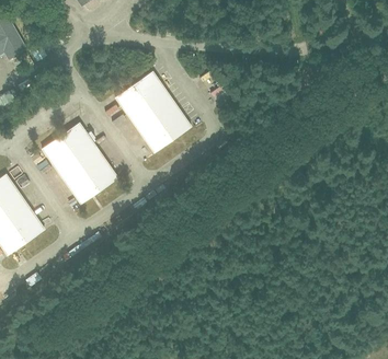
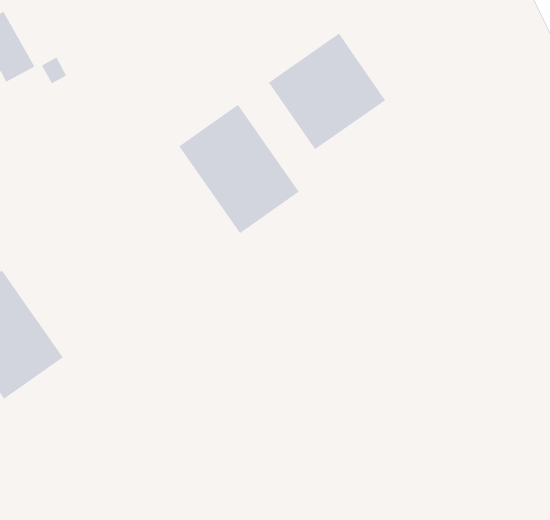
building: none -> [268,32,386,150]
building: [42,123,117,205] -> none

